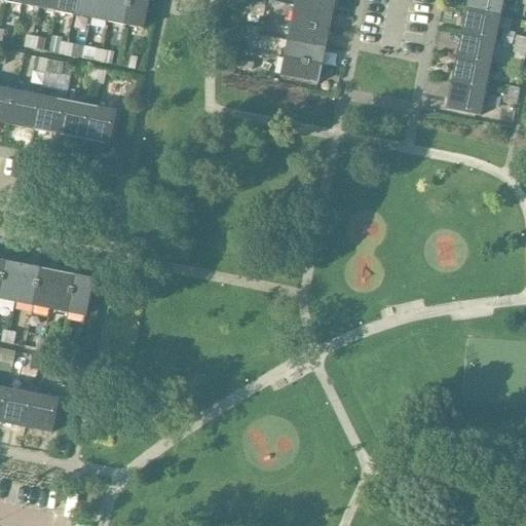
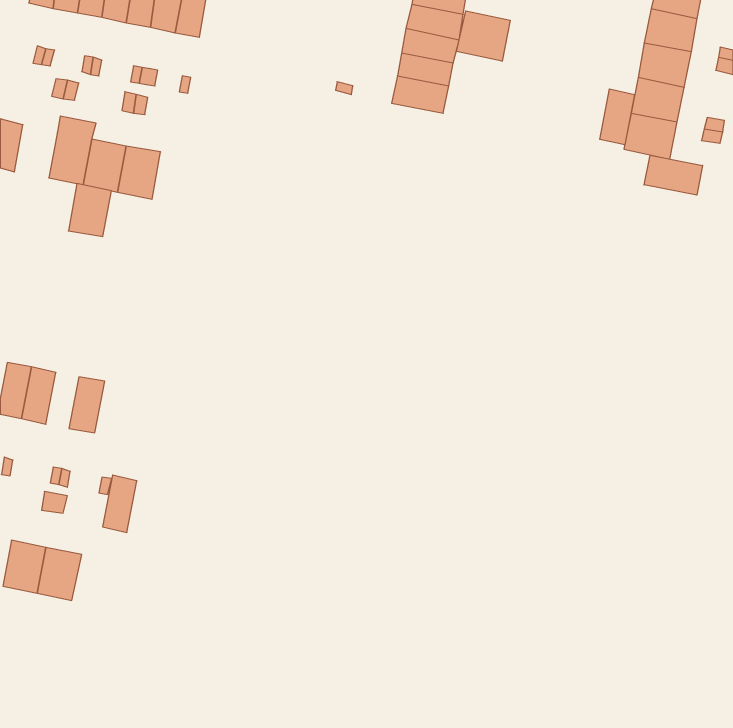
building: none -> [456,11,510,61]
building: none -> [600,89,635,145]
building: [10,89,41,127] -> [68,184,111,237]
building: none -> [644,155,703,195]
building: [33,267,57,307] -> none
building: [68,273,92,314] -> [103,475,137,532]

